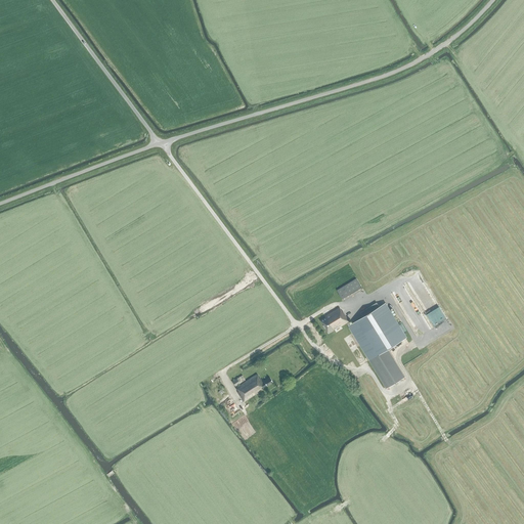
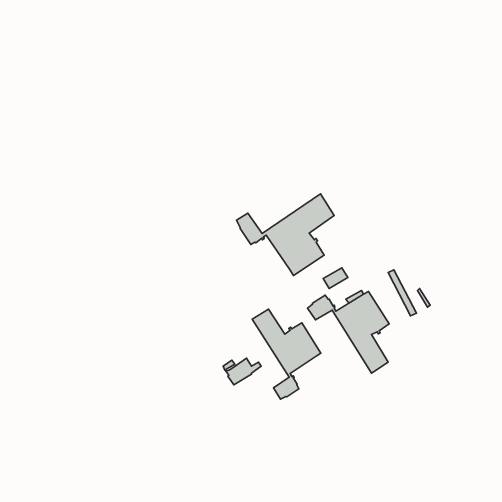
building: none -> [236,194,334,275]
building: none -> [252,309,321,399]

